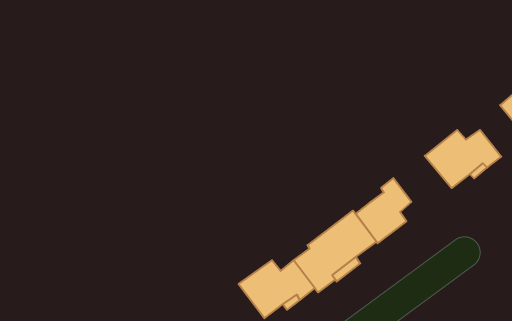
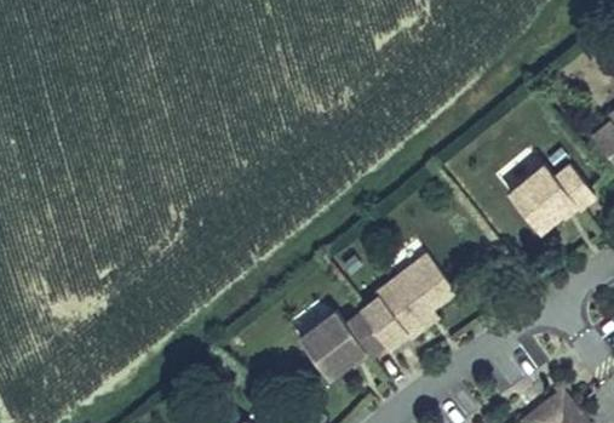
building: [356,178,411,243] -> none

